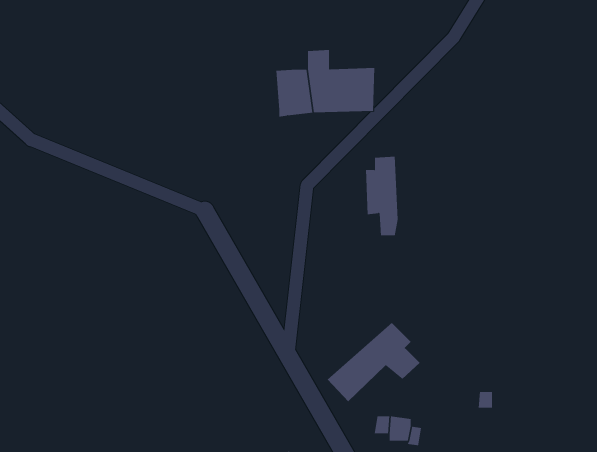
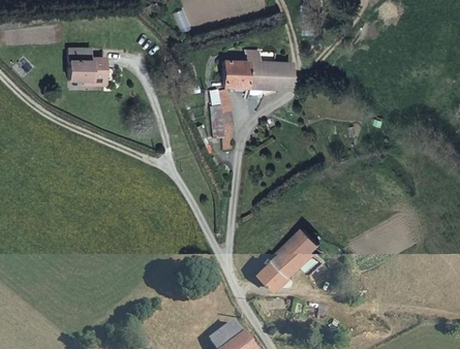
building: none -> [66,41,109,77]
building: [365,156,398,236] -> [210,97,233,152]

